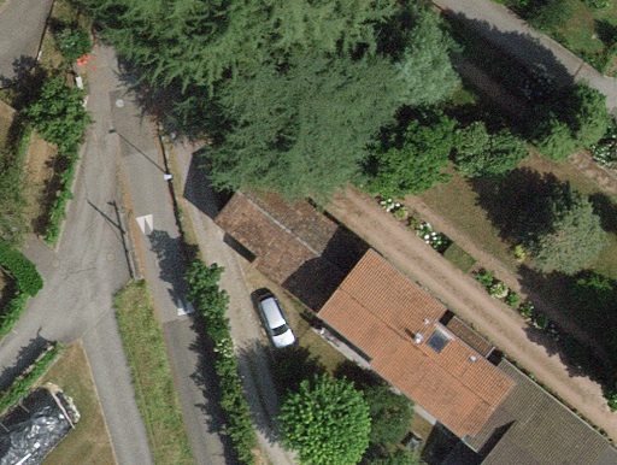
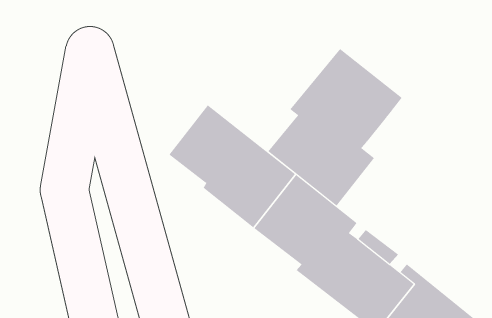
building: none -> [267,48,402,207]

